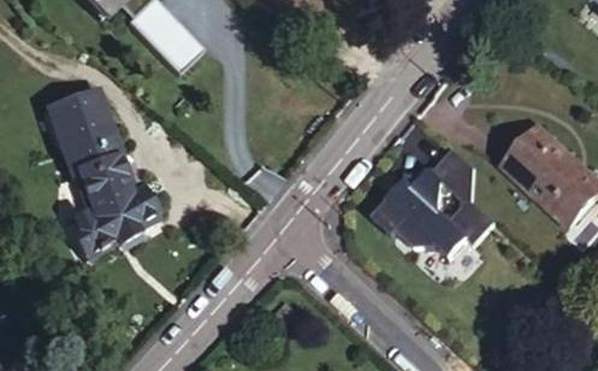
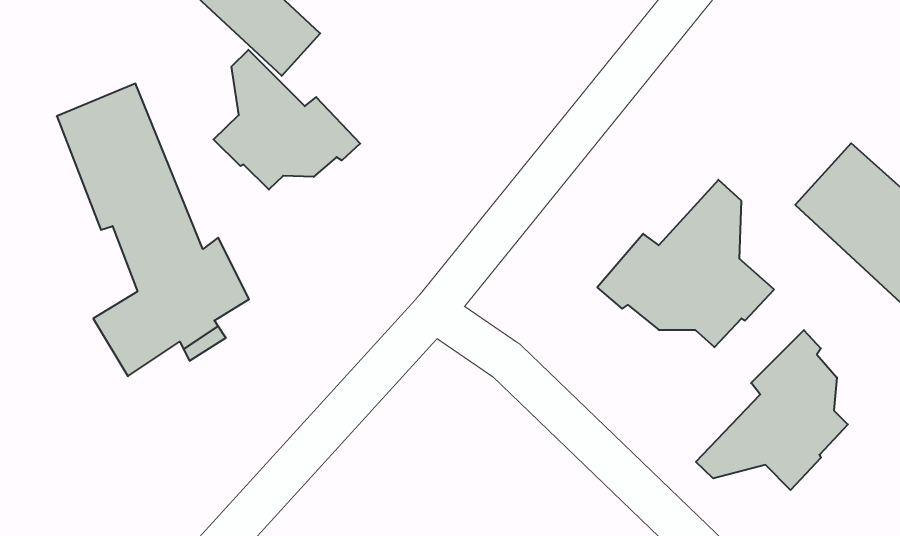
building: none -> [213,50,360,190]
building: none -> [696,330,848,490]

